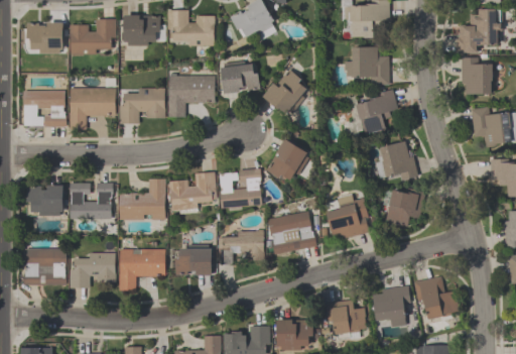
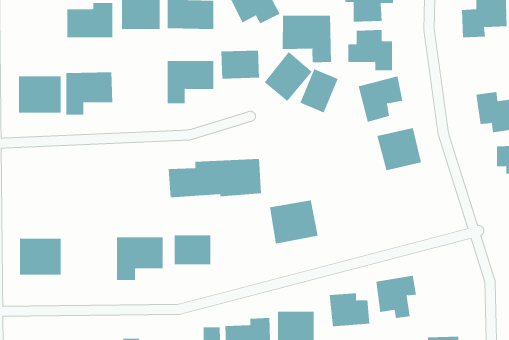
building: [27,21,63,52] -> none
building: none -> [282,15,331,63]
building: [461,57,493,93] -> none
building: [119,88,165,123] -> none
building: [268,139,306,183] -> [299,69,339,113]
building: [119,178,165,219] -> none
building: [71,182,113,218] -> none
building: [27,185,63,214] -> none
building: [384,186,425,227] -> none
building: [326,197,371,239] -> none
building: [219,233,265,266] -> none
building: [70,251,115,284] -> none
building: [414,275,461,318] -> none

